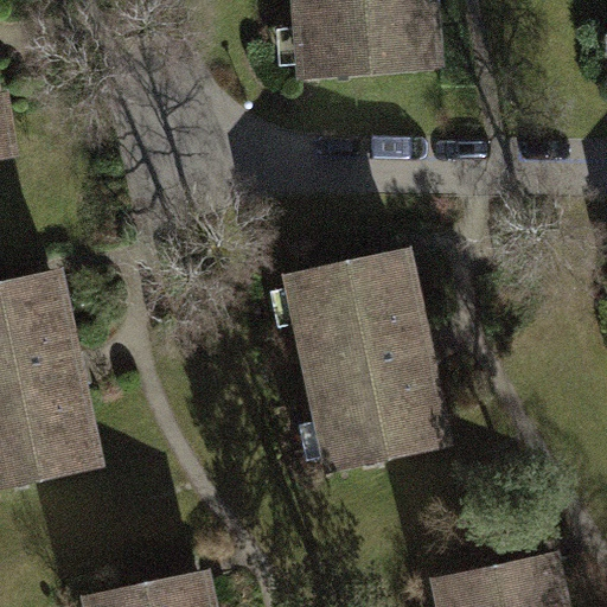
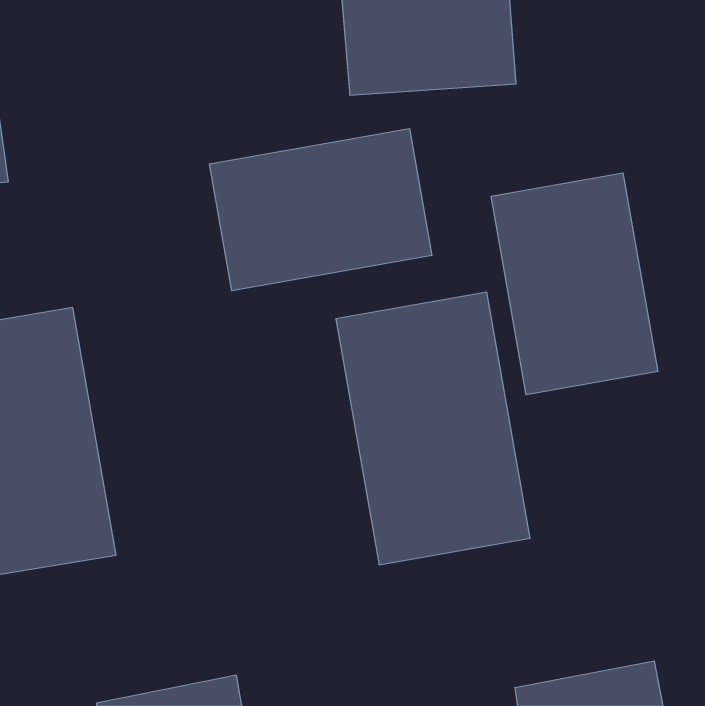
building: none -> [209,129,432,291]
building: none -> [491,173,658,395]

